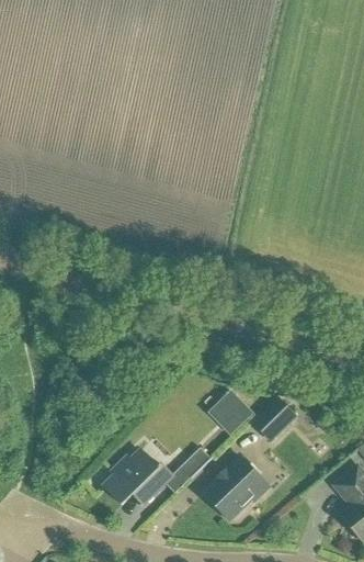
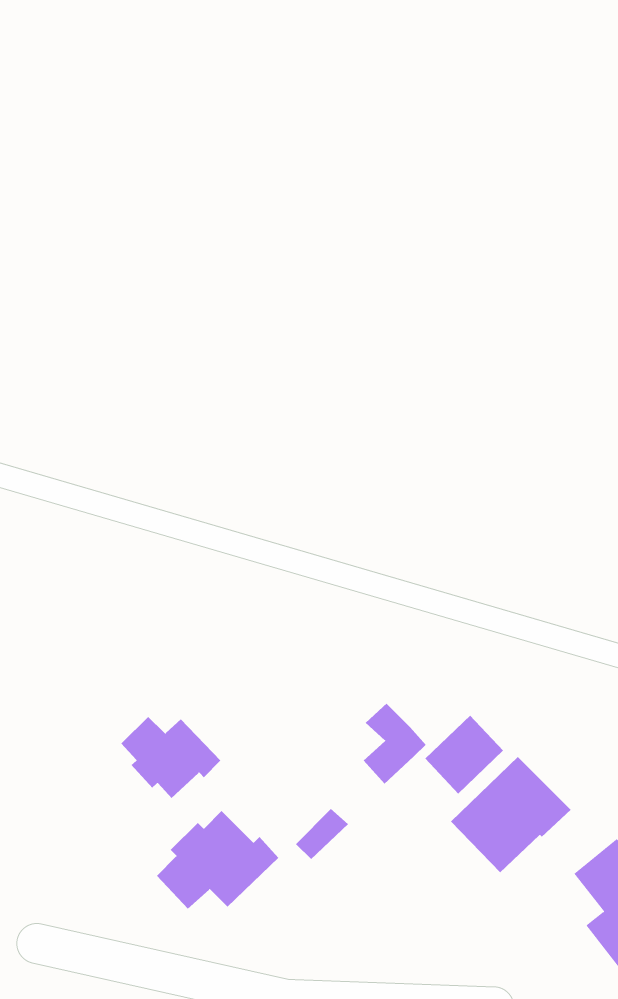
building: none -> [120,716,221,799]
building: [203,457,270,521] -> [450,756,572,873]

